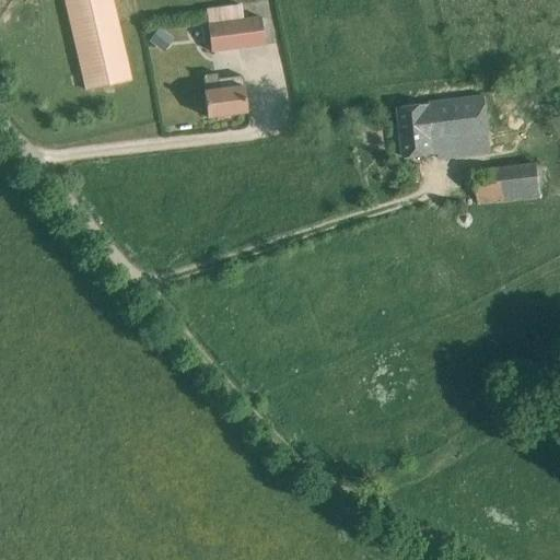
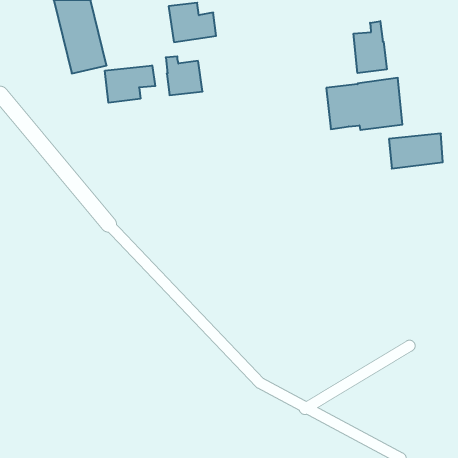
building: none -> [354,21,387,73]
building: none -> [105,65,155,103]

